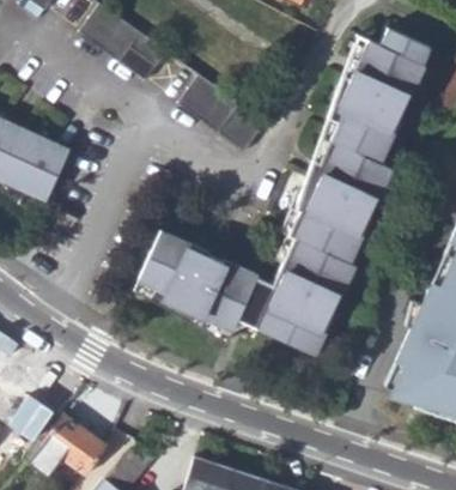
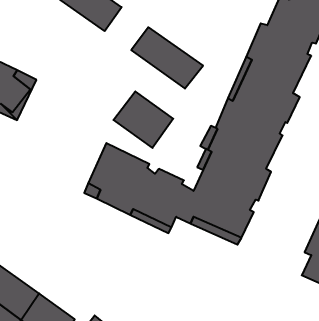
building: none -> [113,91,173,148]

